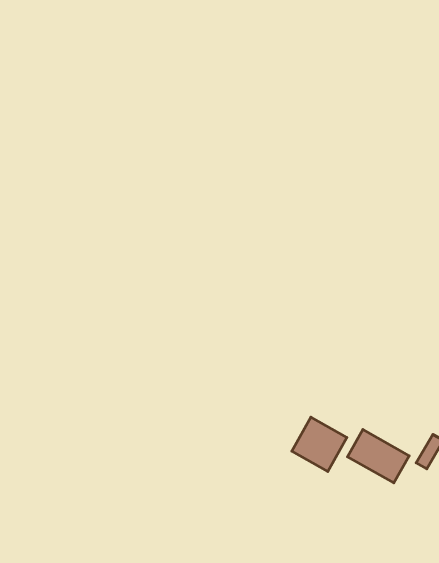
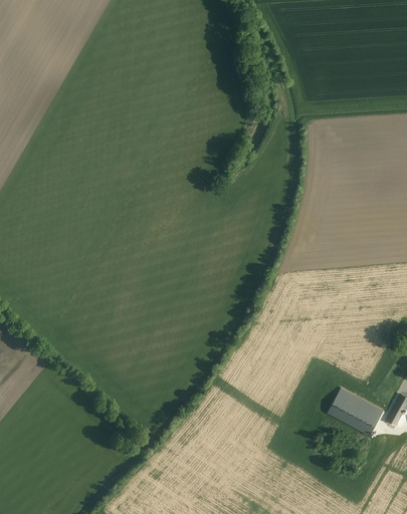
building: [292,417,347,471] -> none

